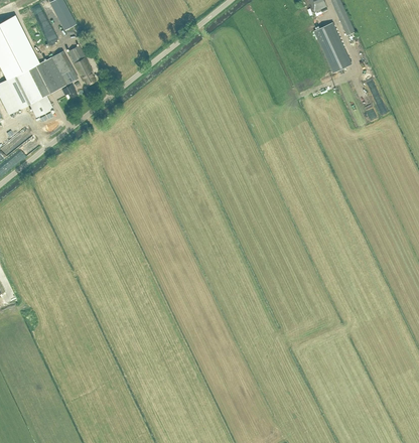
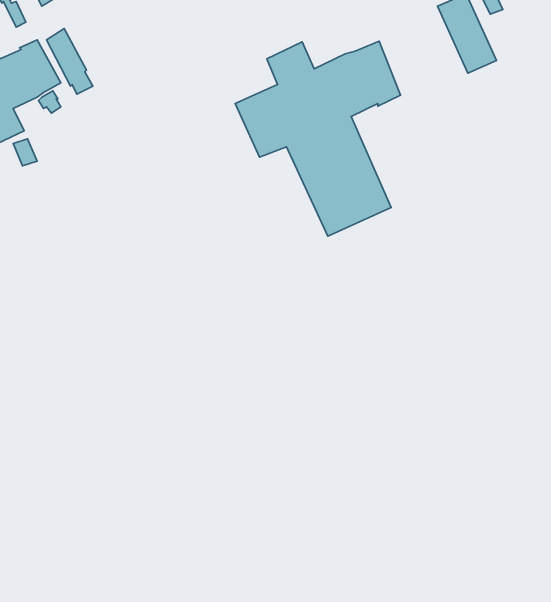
building: none -> [235,41,400,236]

